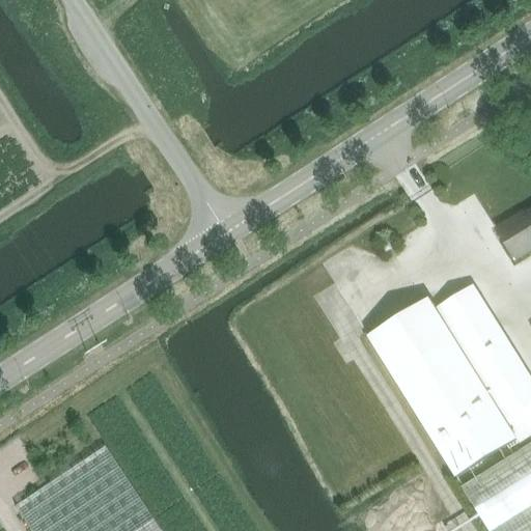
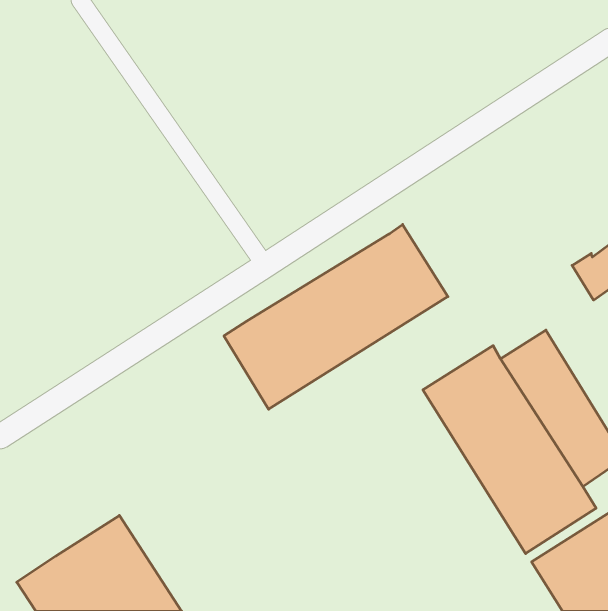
building: none -> [224,224,448,409]

